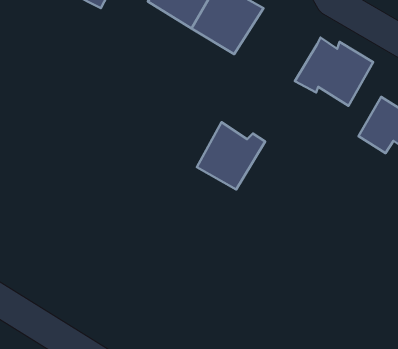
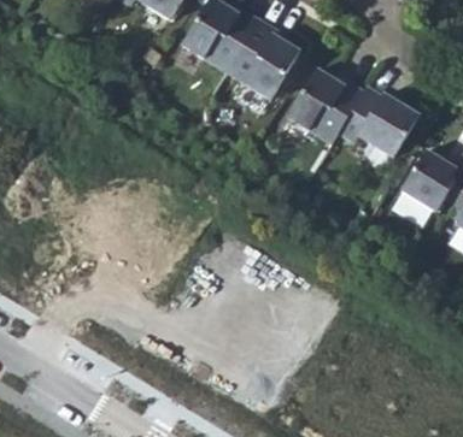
building: [197,122,265,190] -> [288,69,362,141]

